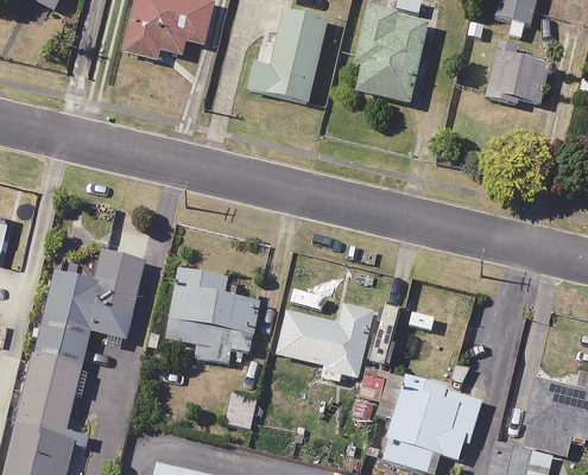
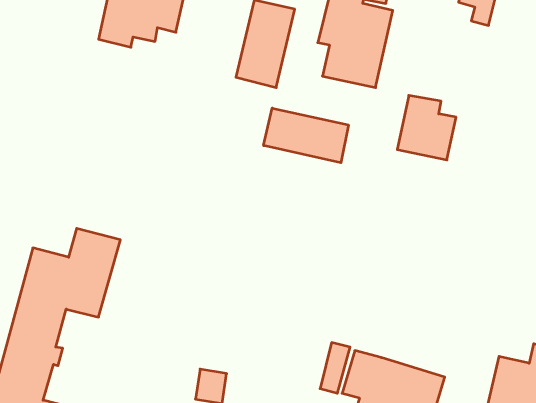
building: [486,40,546,107] -> [397,95,456,160]
building: none -> [264,108,348,163]
building: [166,268,259,362] -> none
building: [276,303,373,381] -> none

